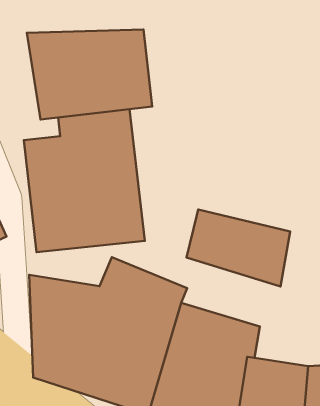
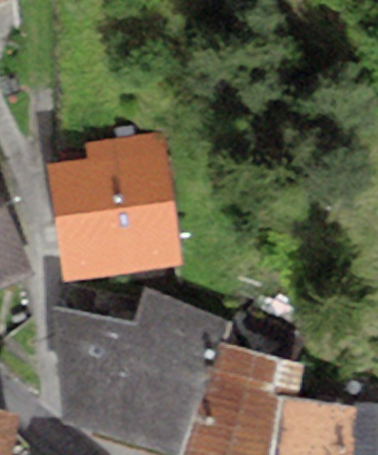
building: [27,29,152,119] -> none
building: [186,209,290,286] -> none

